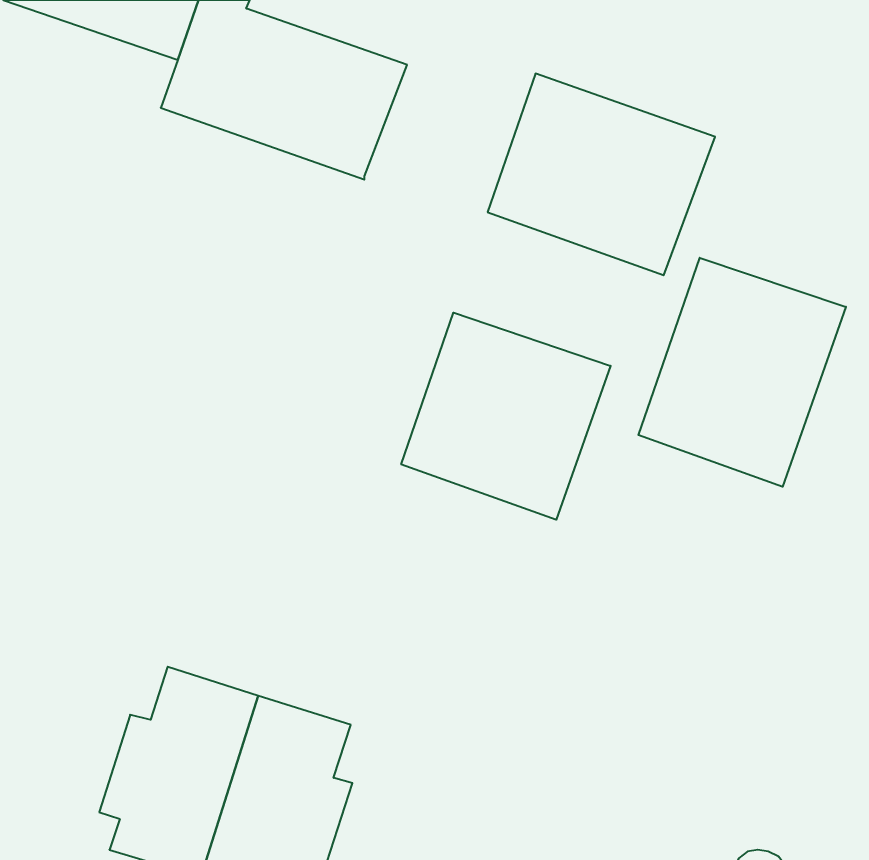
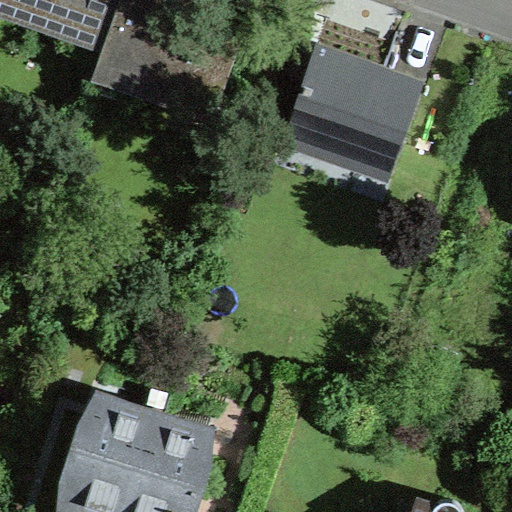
building: [638,258,846,487] -> none
building: [401,313,611,520] -> none

